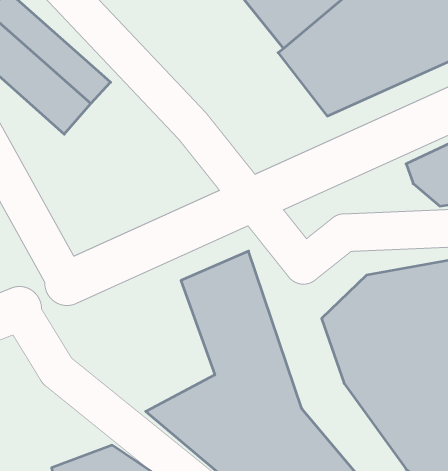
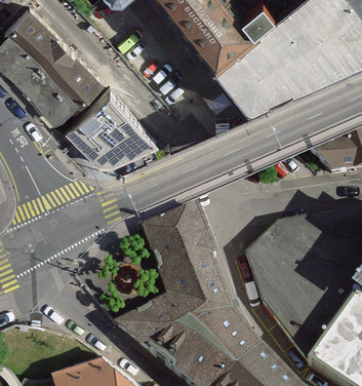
building: none -> [63,91,158,170]

